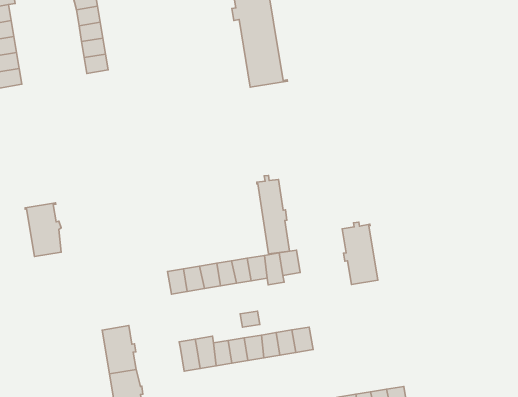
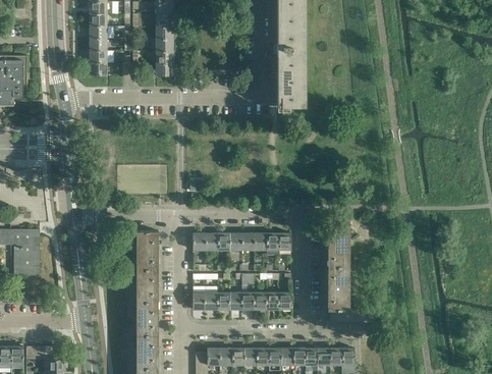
building: [257,175,289,254] -> none
building: [25,203,61,257] -> [135,231,160,269]
building: none -> [326,266,349,310]

